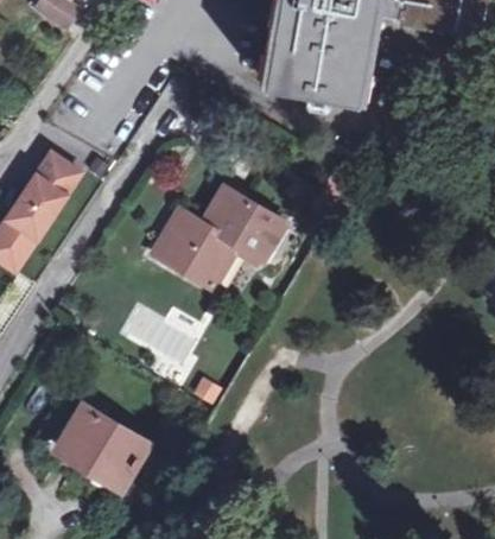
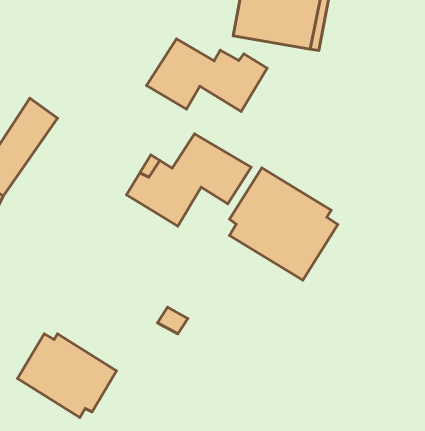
building: none -> [147,39,267,111]
building: none -> [229,168,338,280]

